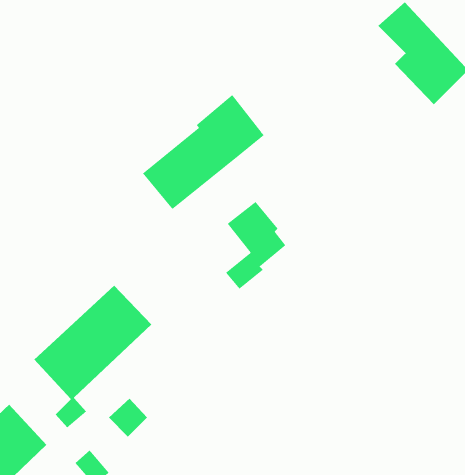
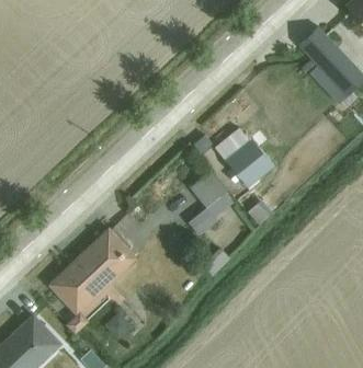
building: [142,94,264,210] -> none
building: none -> [225,140,271,186]

